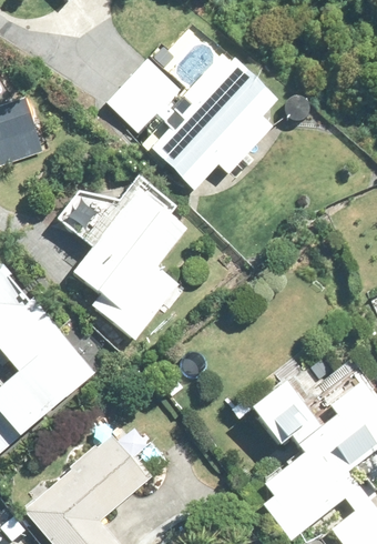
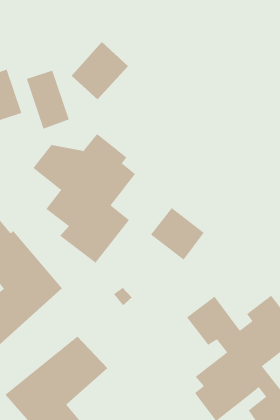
building: [150,59,278,191] -> none
building: none -> [26,70,70,129]
building: none -> [150,207,205,260]

